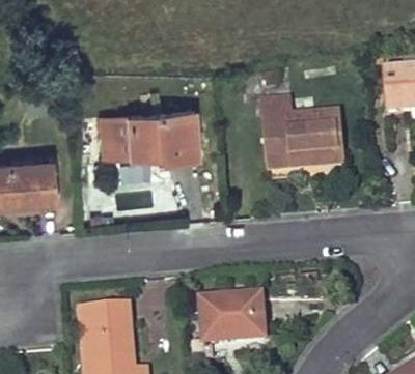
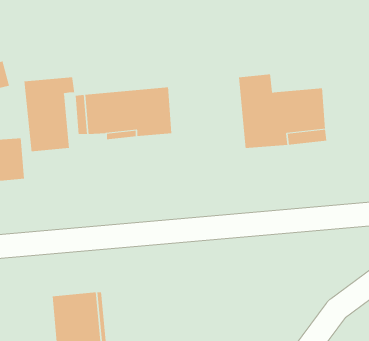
building: none -> [24,76,75,152]
building: [202,294,265,341] -> none

